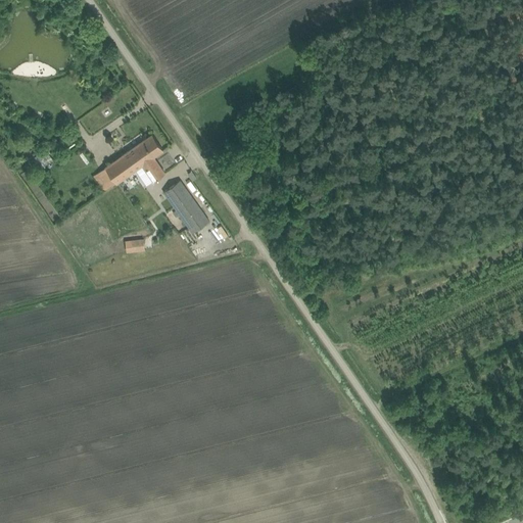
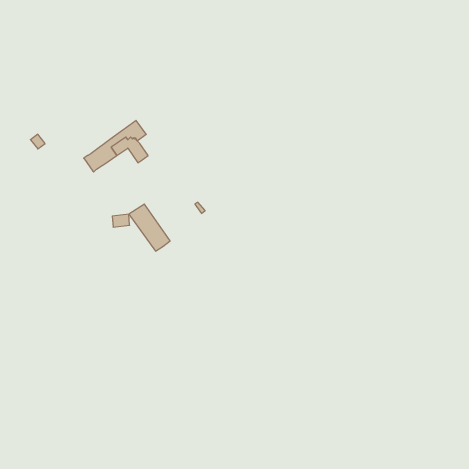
building: [162,181,208,233] -> [129,204,170,251]

